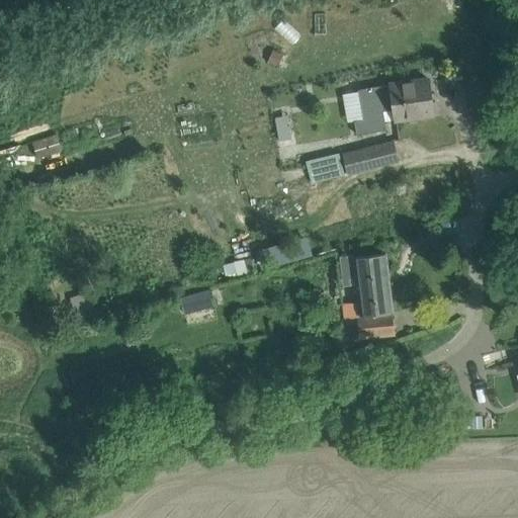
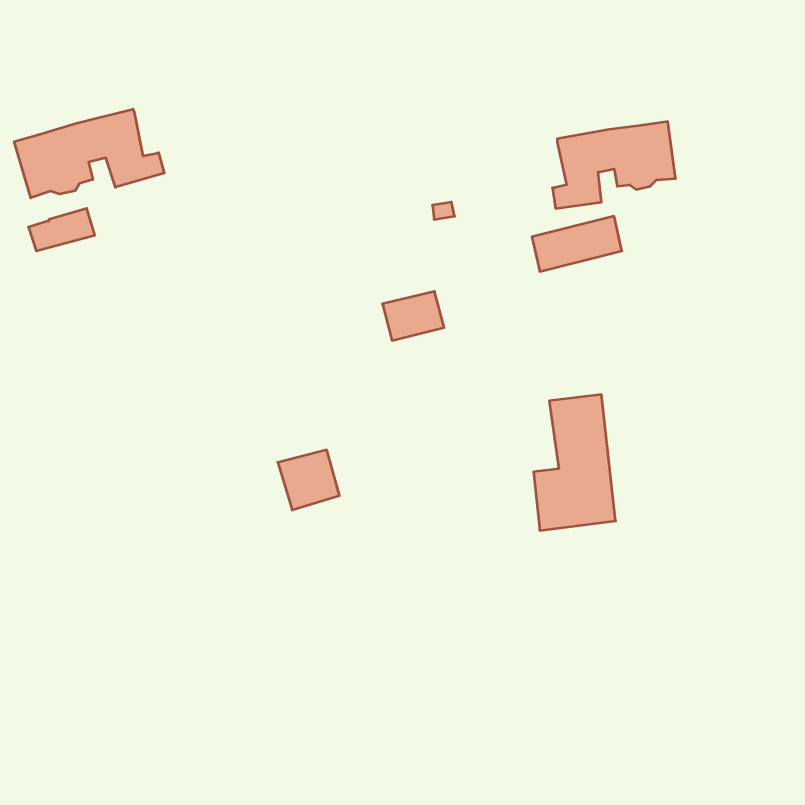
building: none -> [14,109,164,198]
building: [305,153,344,184] -> [382,291,444,340]

